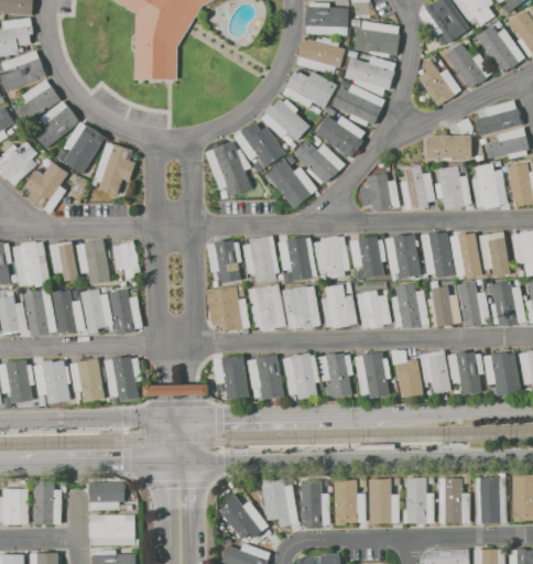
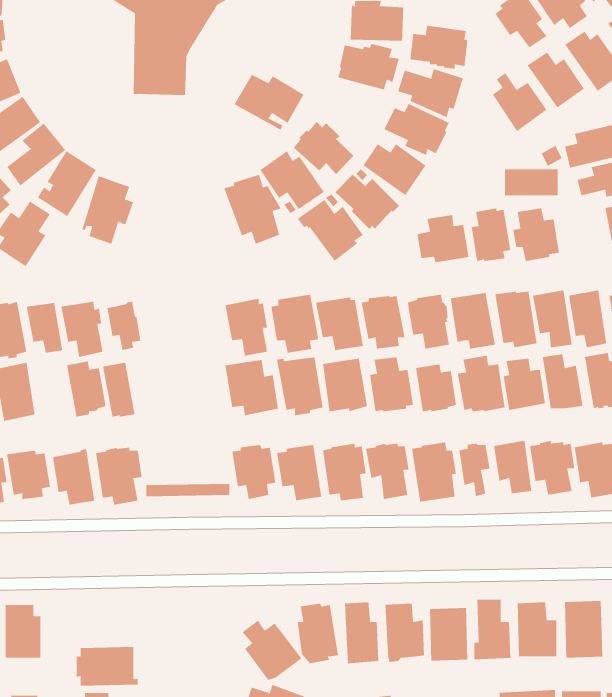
building: [281,69,337,115] -> [233,74,304,131]
building: [471,163,507,208] -> none
building: [56,291,84,333] -> none
building: [89,481,124,510] -> none

